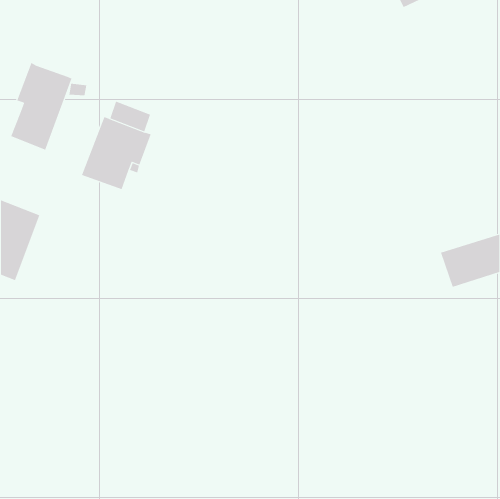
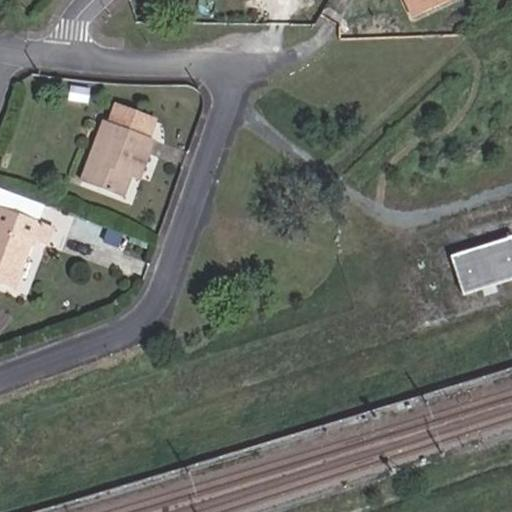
building: [10,62,72,151] -> none

